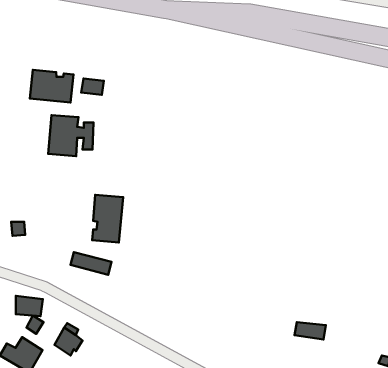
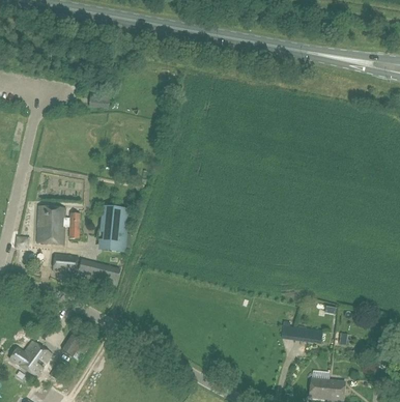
building: [30,70,73,102] -> none
building: [48,115,93,156] -> [35,204,79,243]
building: [16,296,43,316] -> [52,253,78,272]

